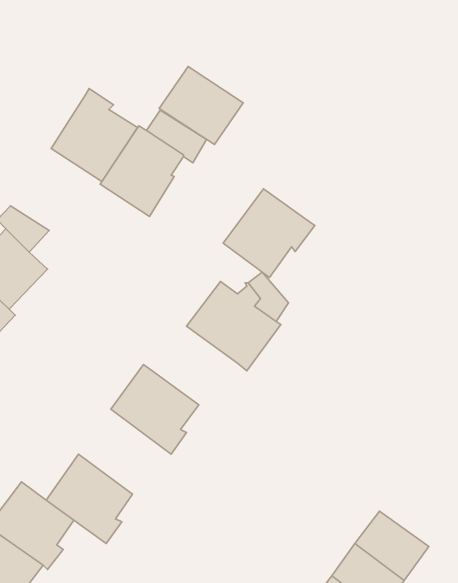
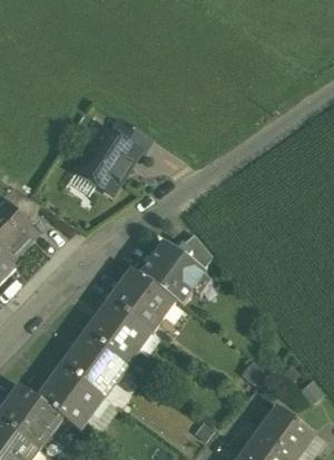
building: [159,67,243,145] -> none
building: [51,89,138,182] -> none
building: [223,189,315,277] -> none
building: none -> [107,268,175,332]
building: none -> [60,333,122,398]

